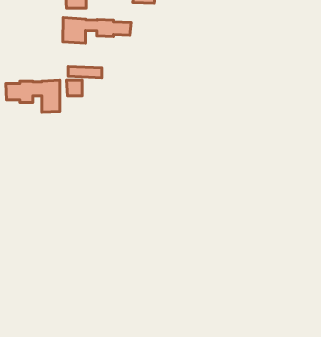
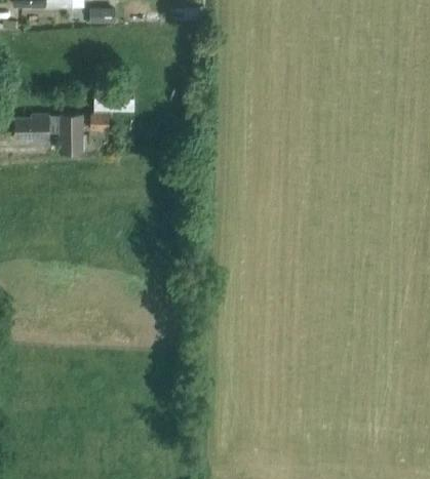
building: [63,18,131,43] -> none

